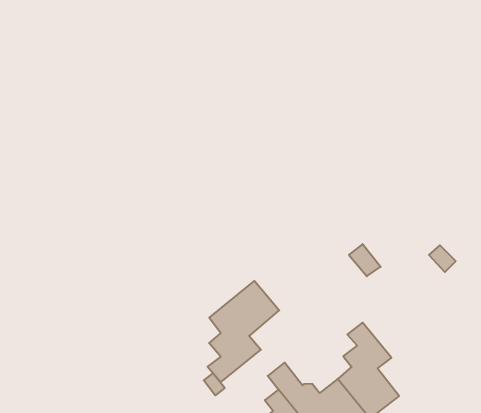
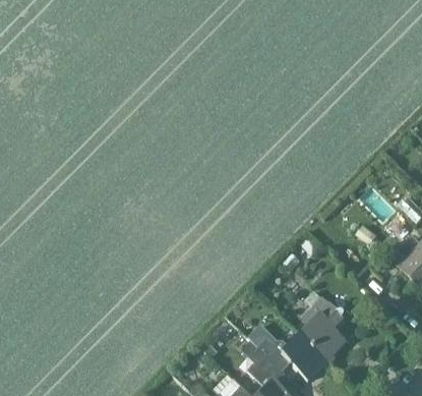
building: [208,281,279,382] -> none

